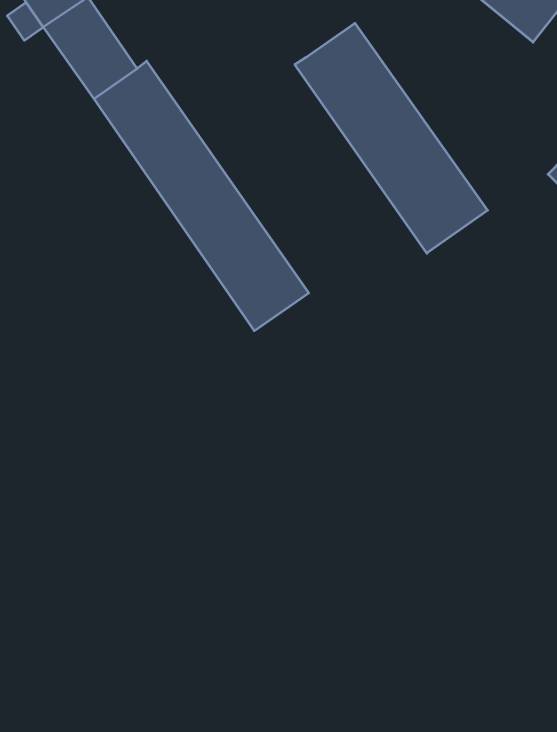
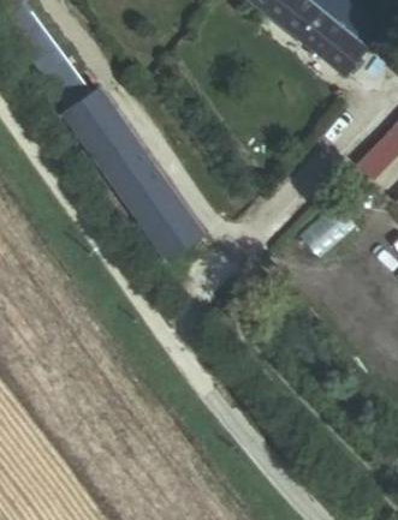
building: [295,23,488,253] -> none

